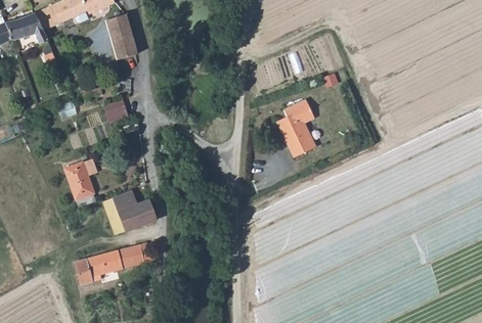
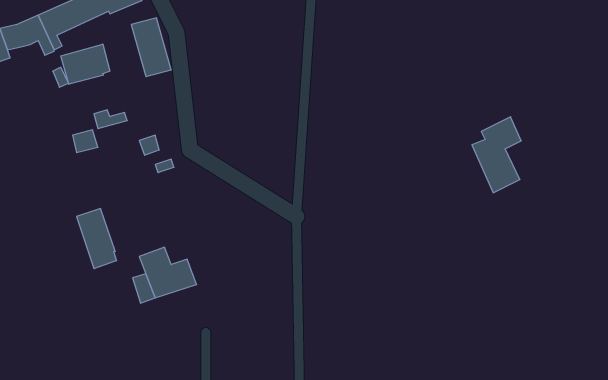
building: none -> [61,44,110,84]
building: [273,99,311,157] -> [472,117,521,193]
building: [75,242,156,284] -> none

